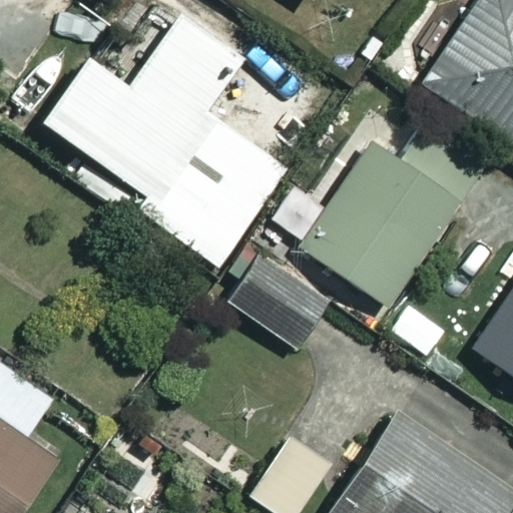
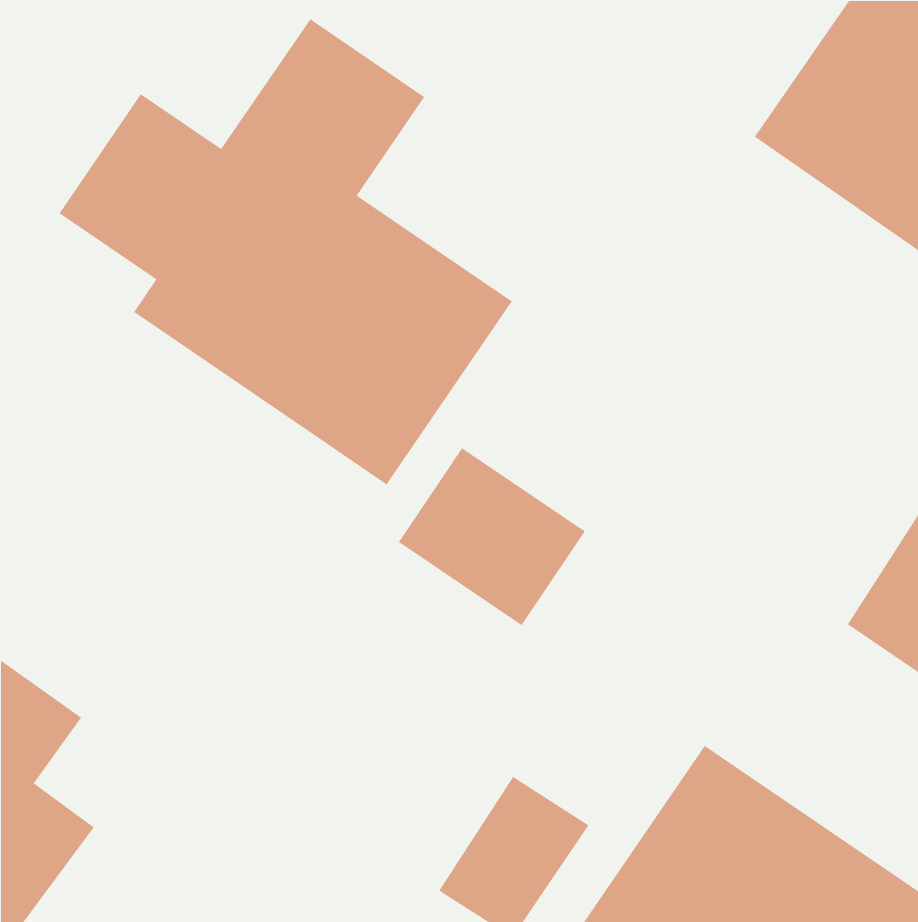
building: [302,130,488,299] -> none

